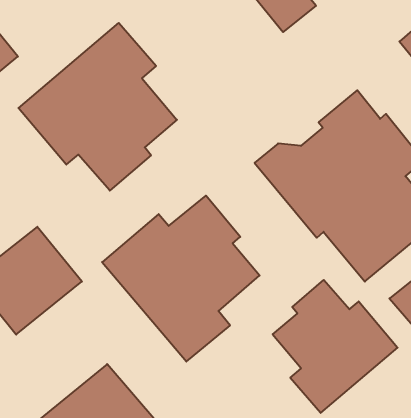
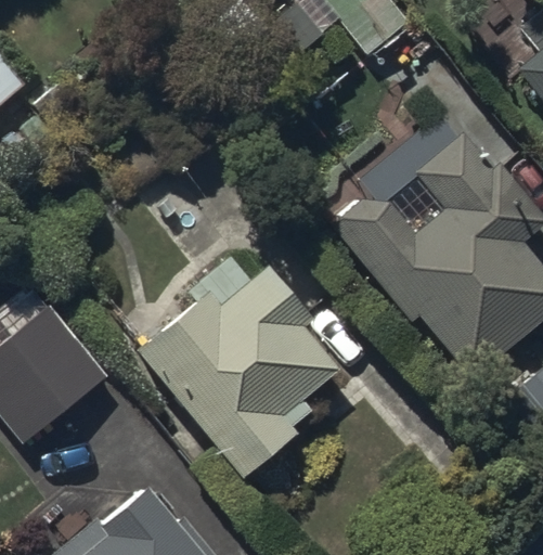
building: [18,23,177,191] -> none
building: [273,280,398,413] -> none

